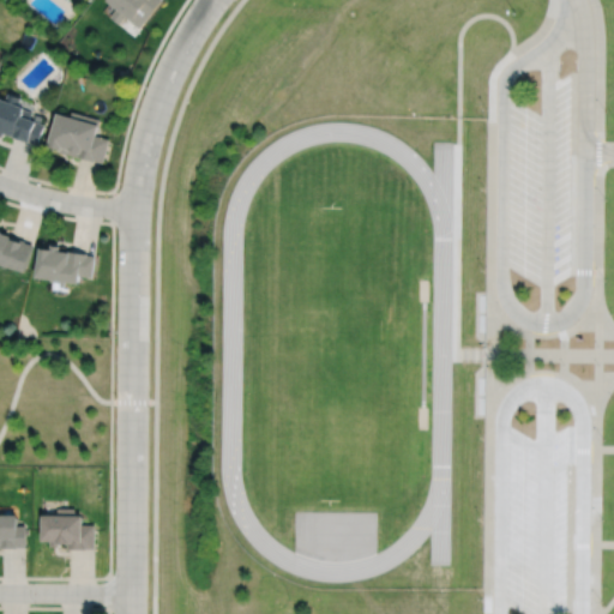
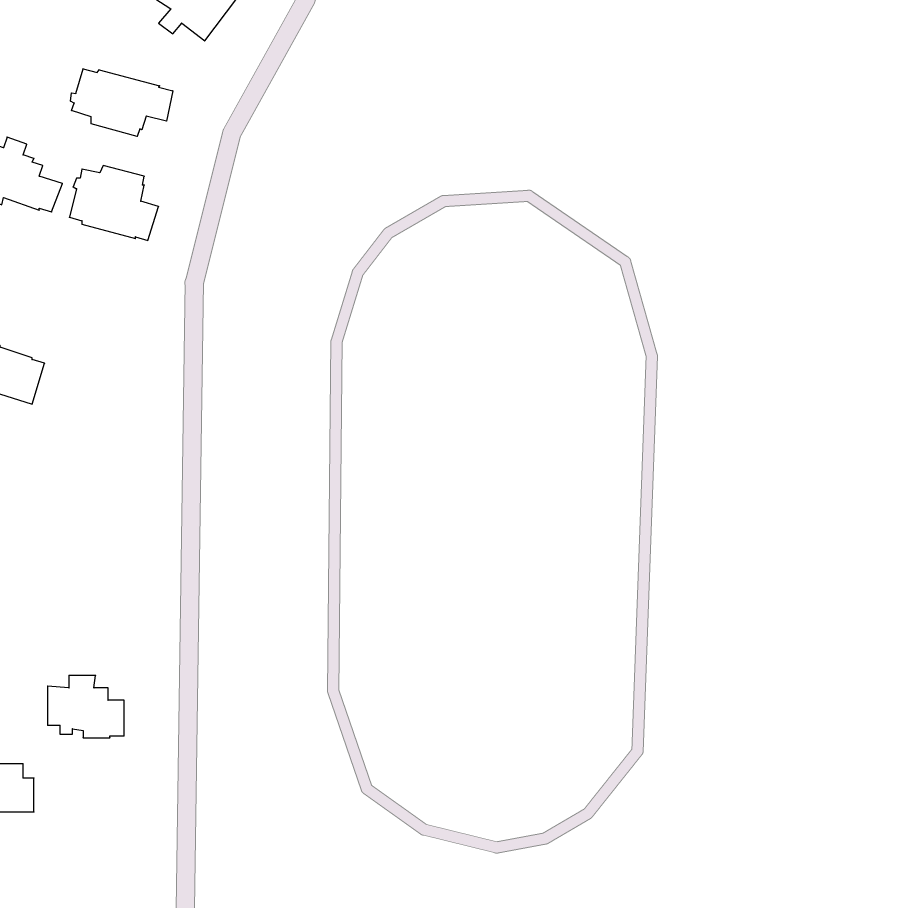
building: none -> [71,69,173,136]
building: [34,245,92,284] -> none
building: [41,507,92,549] -> [48,675,124,738]

